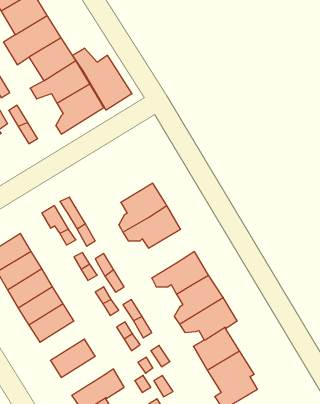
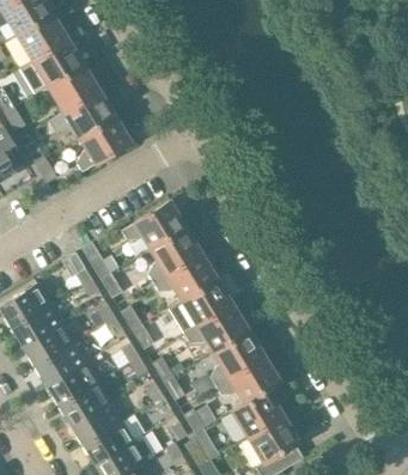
building: [73,48,132,110] -> none
building: none -> [121,201,185,249]
building: none -> [169,279,232,334]
building: none -> [59,382,109,426]
building: none -> [83,421,133,465]

